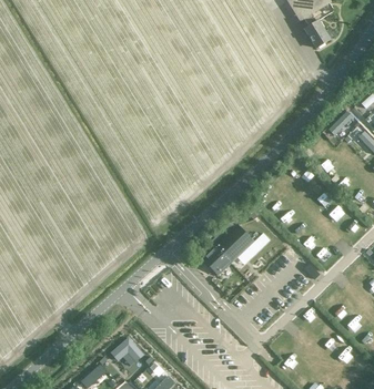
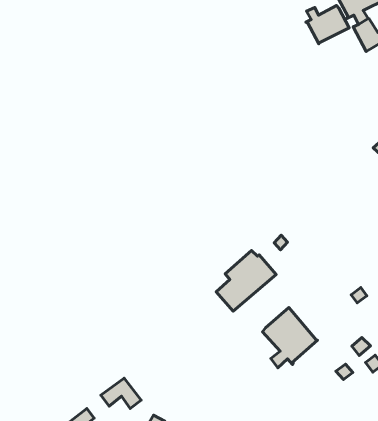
building: none -> [306,5,349,44]
building: none -> [262,307,318,368]

